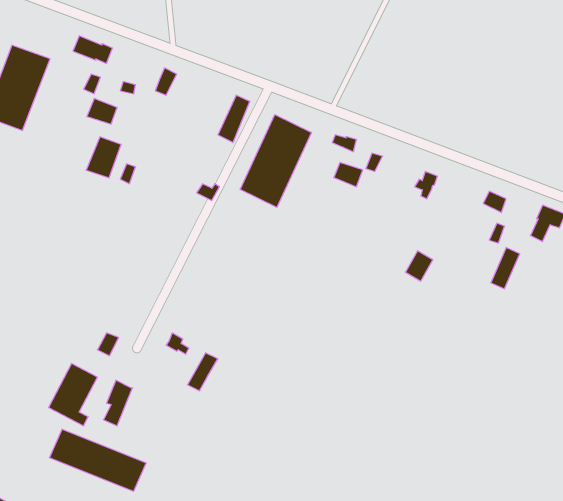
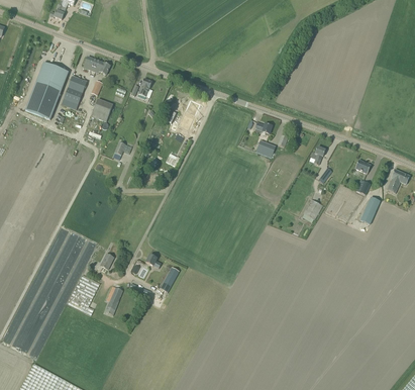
building: [240,115,311,207] -> none
building: [86,137,121,178] -> [63,76,86,103]
building: [50,429,146,491] -> none

